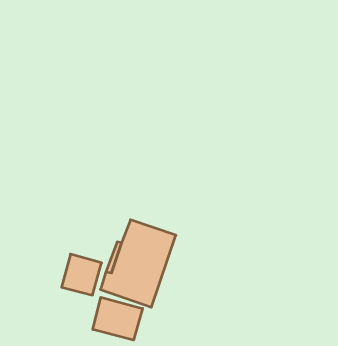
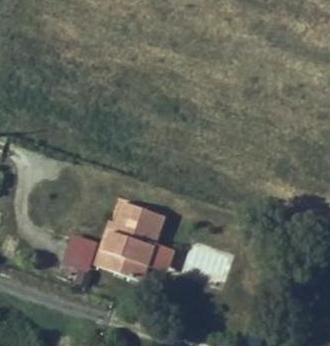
building: [93,297,143,340] -> none

